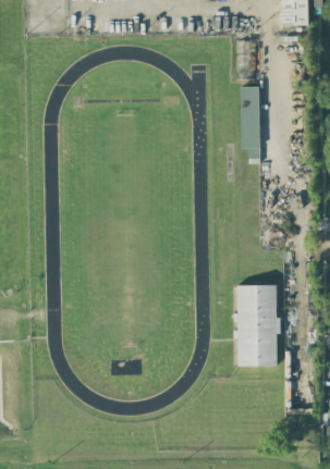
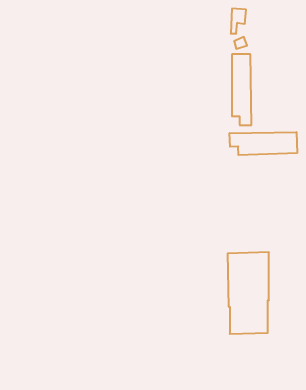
building: none -> [230,132,297,155]

